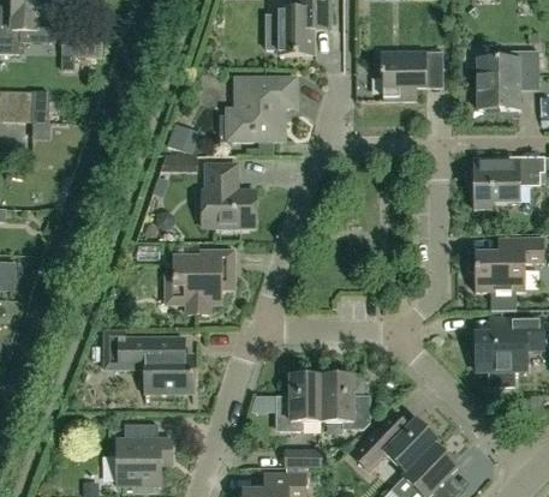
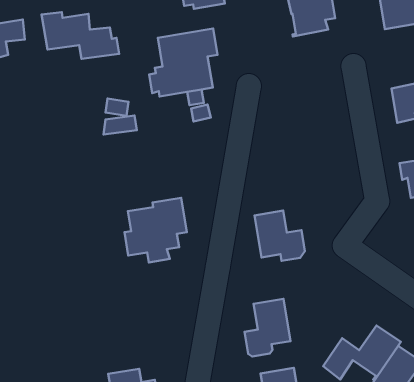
building: none -> [42,12,119,59]
building: [202,163,255,226] -> none
building: [105,330,192,393] -> none
building: [322,375,369,427] -> [255,211,305,261]

